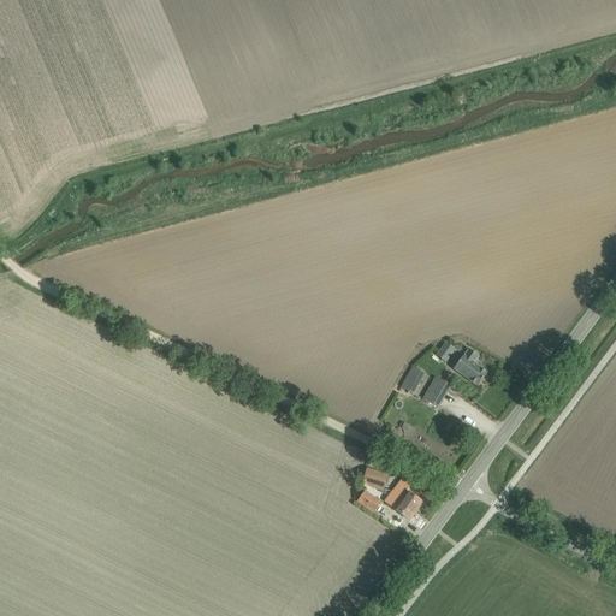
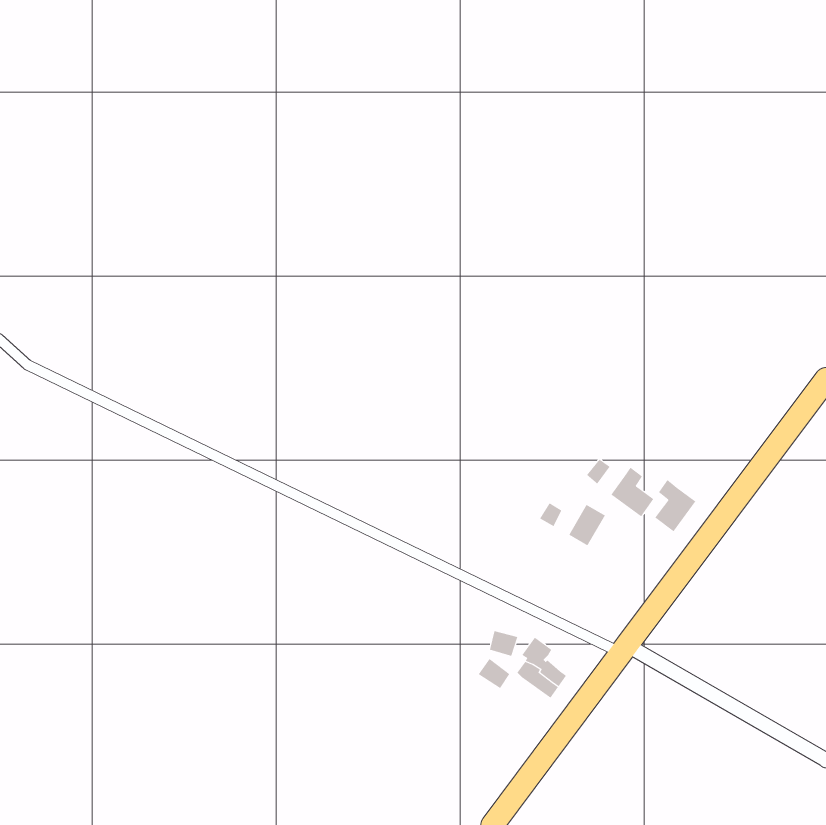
building: none -> [654,479,696,532]

